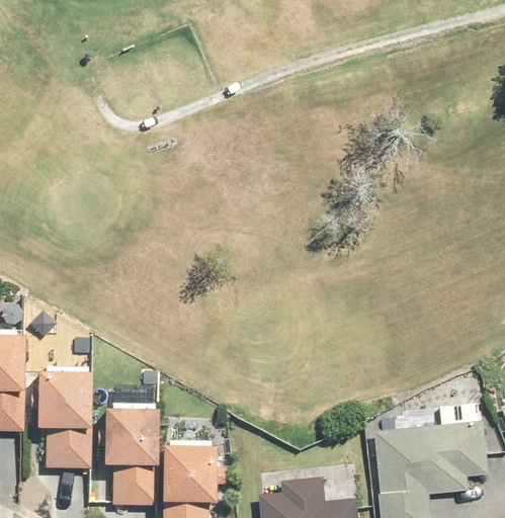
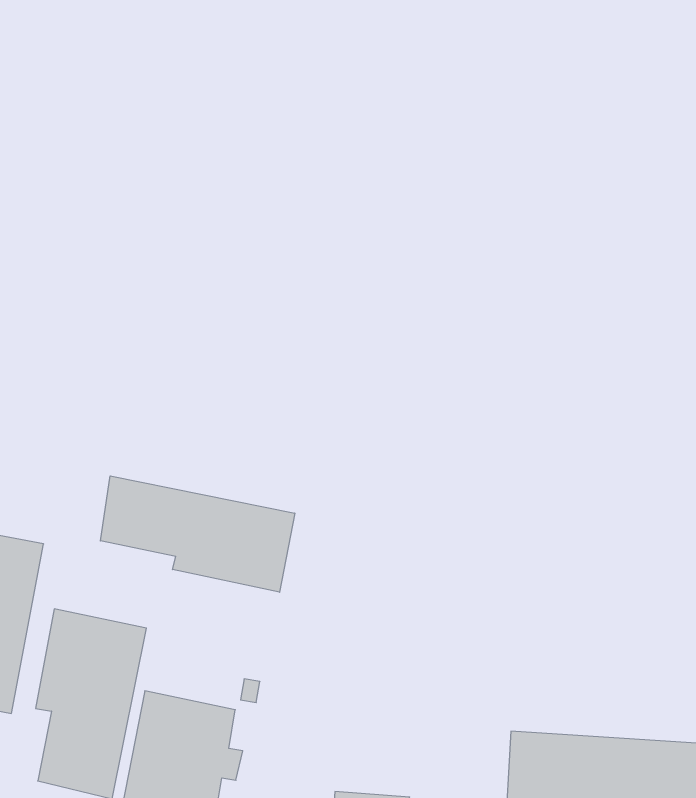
building: none -> [100,476,295,592]

